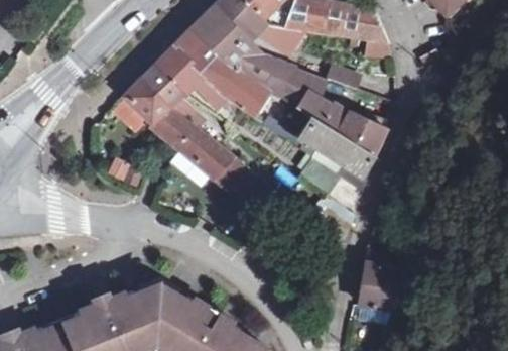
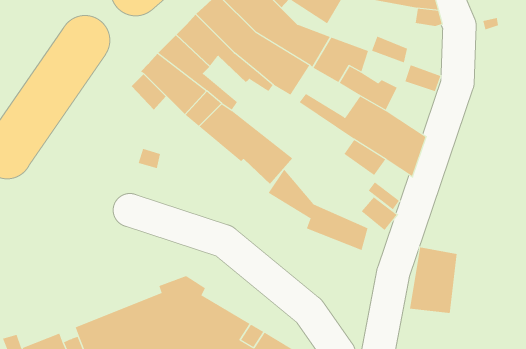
building: [339,111,385,154] -> none
building: none -> [268,169,368,251]

